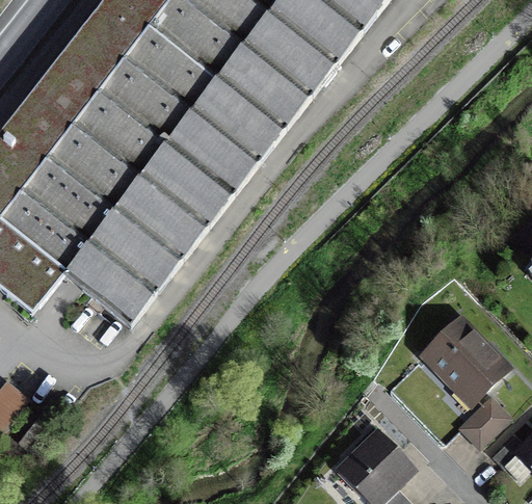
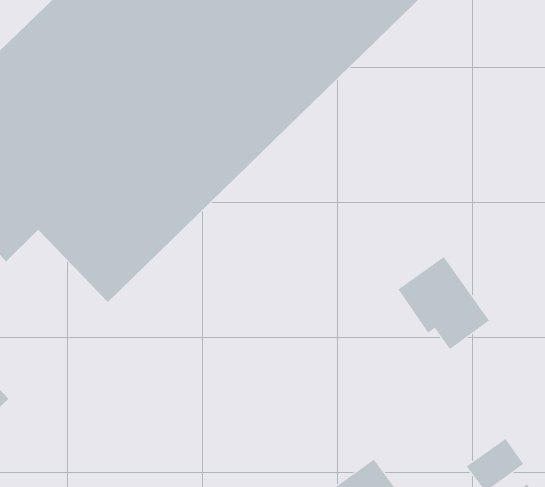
building: [422,318,505,398] -> [398,256,490,350]

